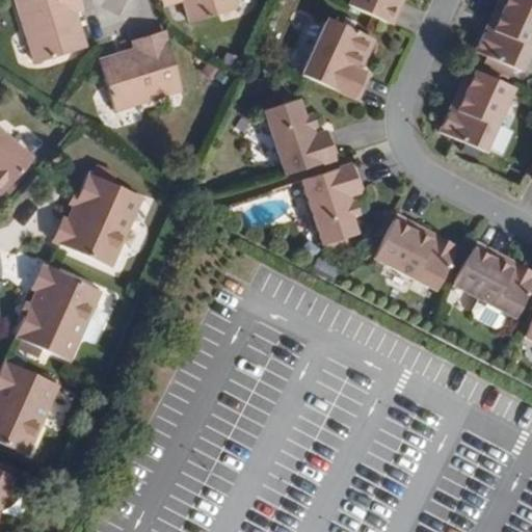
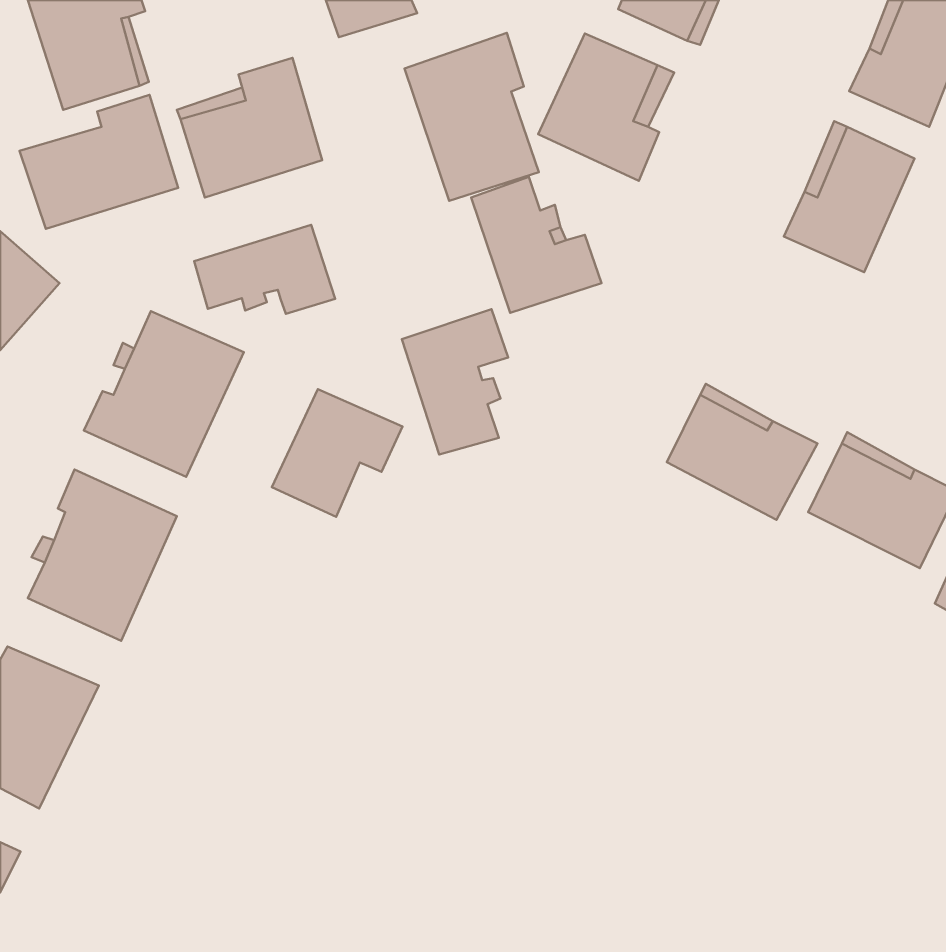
building: none -> [404,33,539,201]
building: none -> [19,95,178,229]
building: none -> [194,225,335,314]
building: [303,163,363,244] -> [402,309,508,455]
building: none -> [272,389,402,517]

